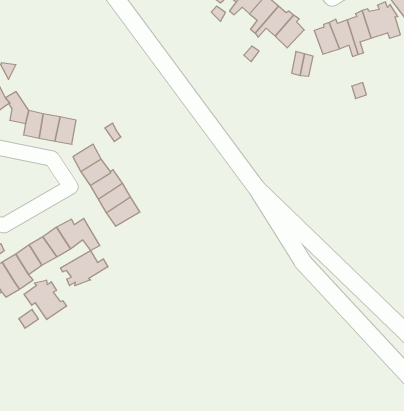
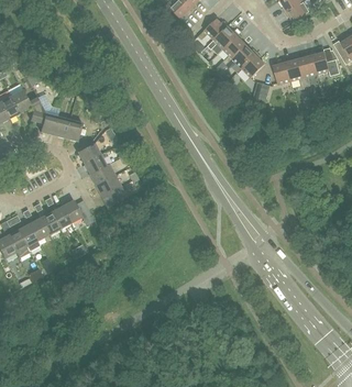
building: [61,250,108,286] -> none
building: [24,280,67,320] -> none

